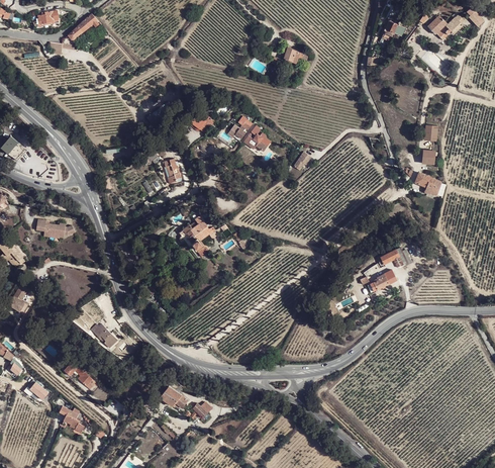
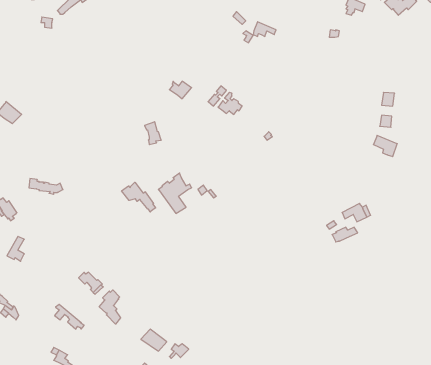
building: none -> [122,182,156,212]
building: none -> [99,290,121,324]

